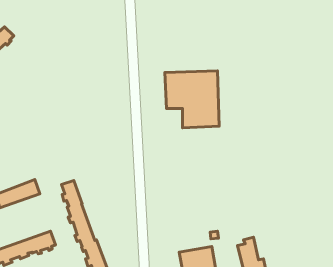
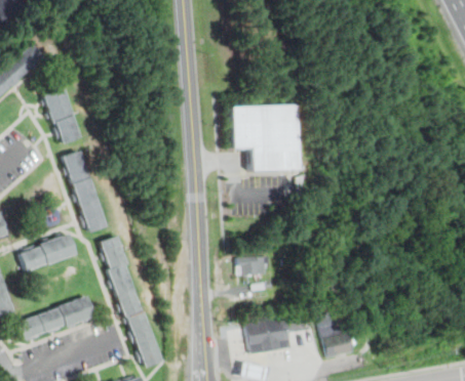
building: none -> [42,86,79,142]
building: none -> [63,150,106,230]
building: none -> [237,256,269,273]

